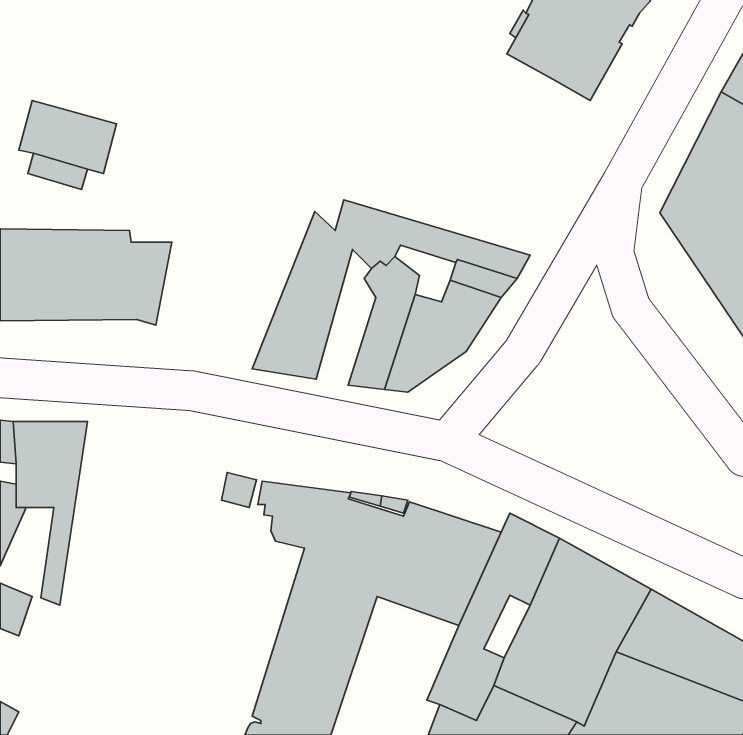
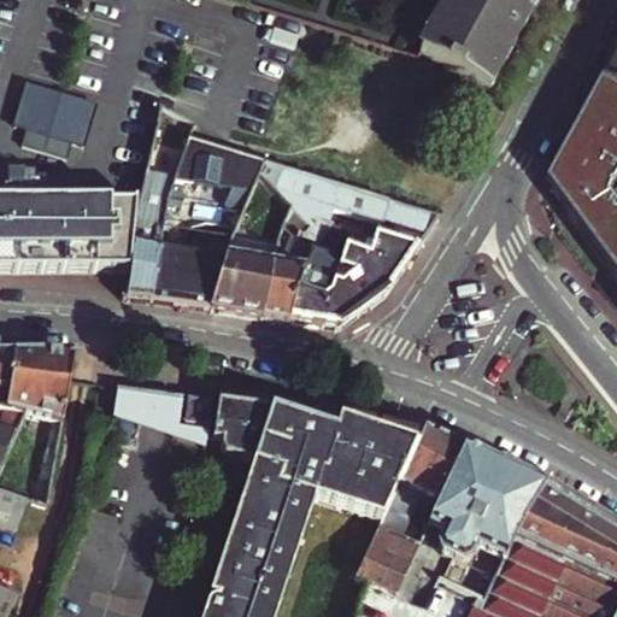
building: none -> [127,137,286,305]
building: none -> [263,206,312,318]
building: none -> [114,383,208,443]

